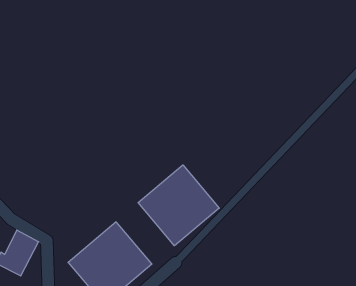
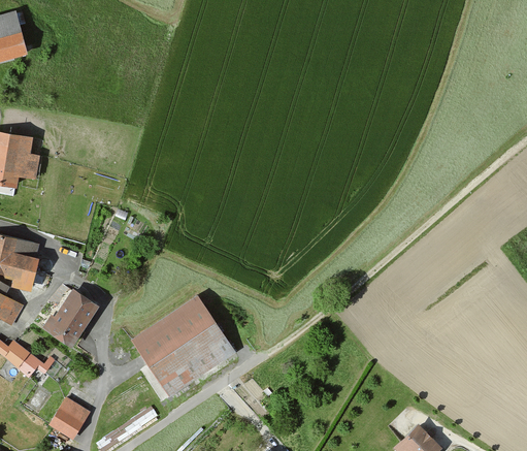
building: [138,165,219,246] -> none

